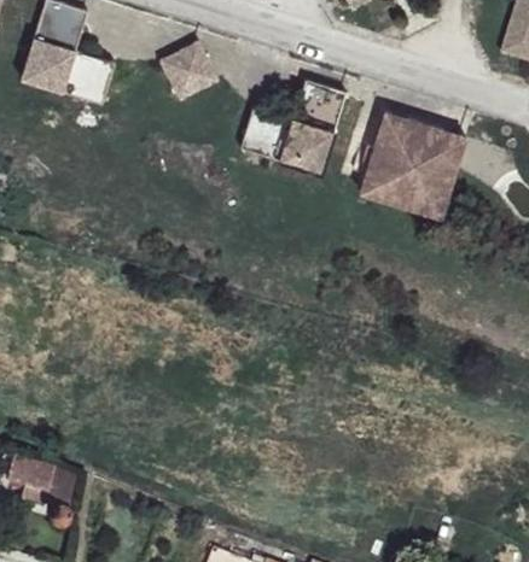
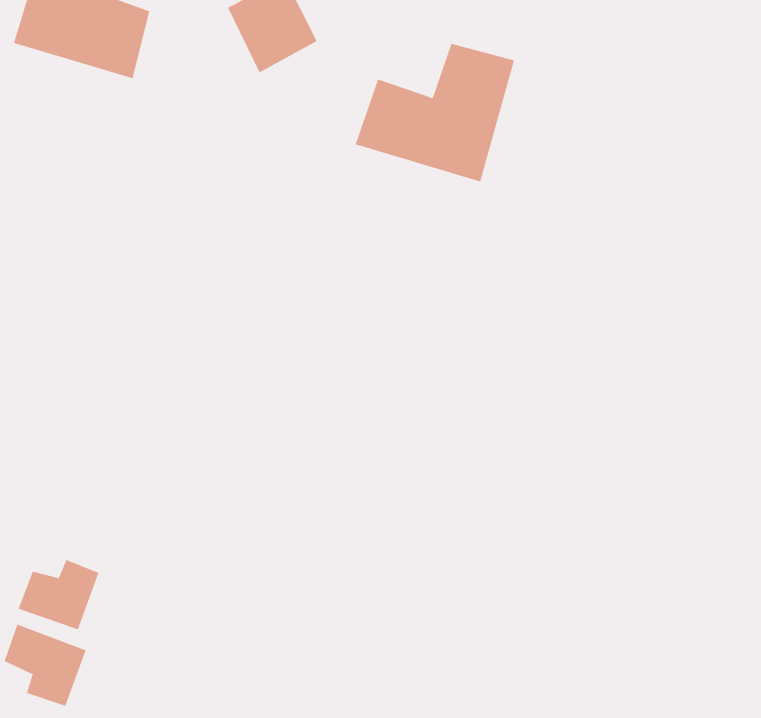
building: [359,111,460,216] -> none
building: none -> [18,559,99,630]

